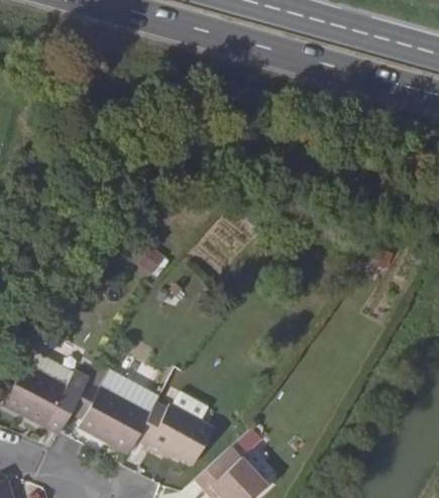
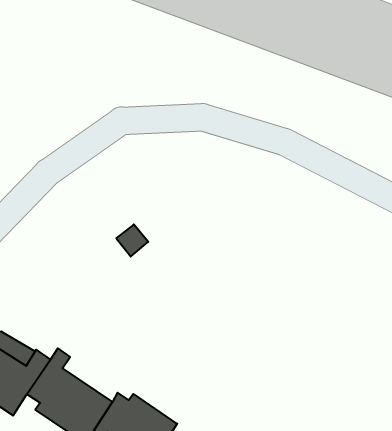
building: [101,368,159,412] -> none

